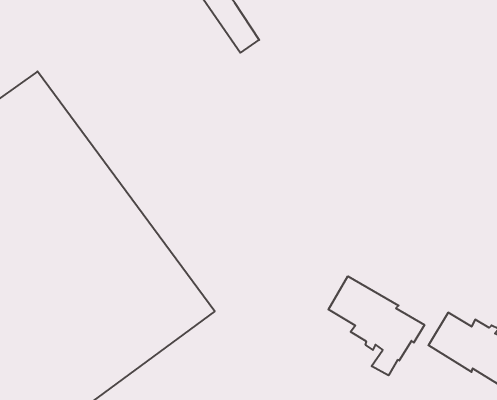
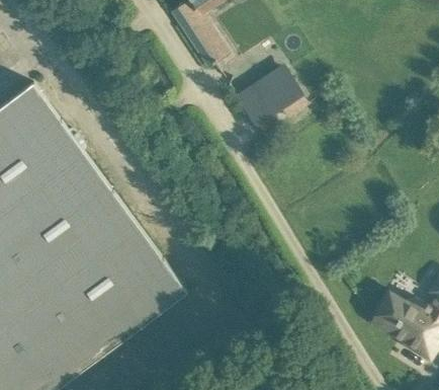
building: none -> [239,66,306,130]
building: [328,276,424,375] -> none

